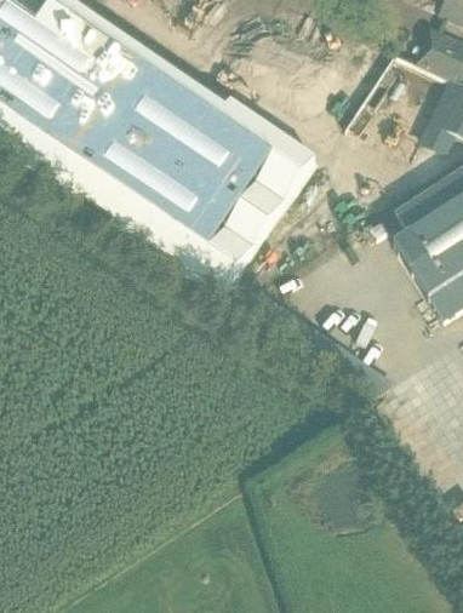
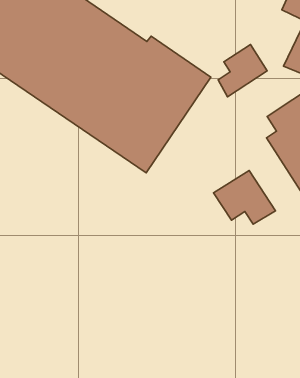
building: none -> [218,44,267,97]
building: none -> [214,170,275,224]

